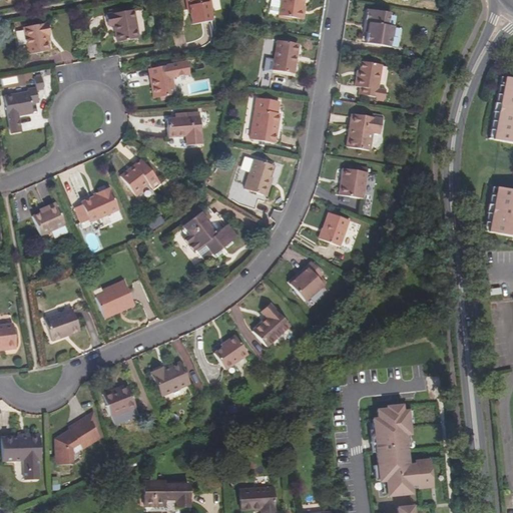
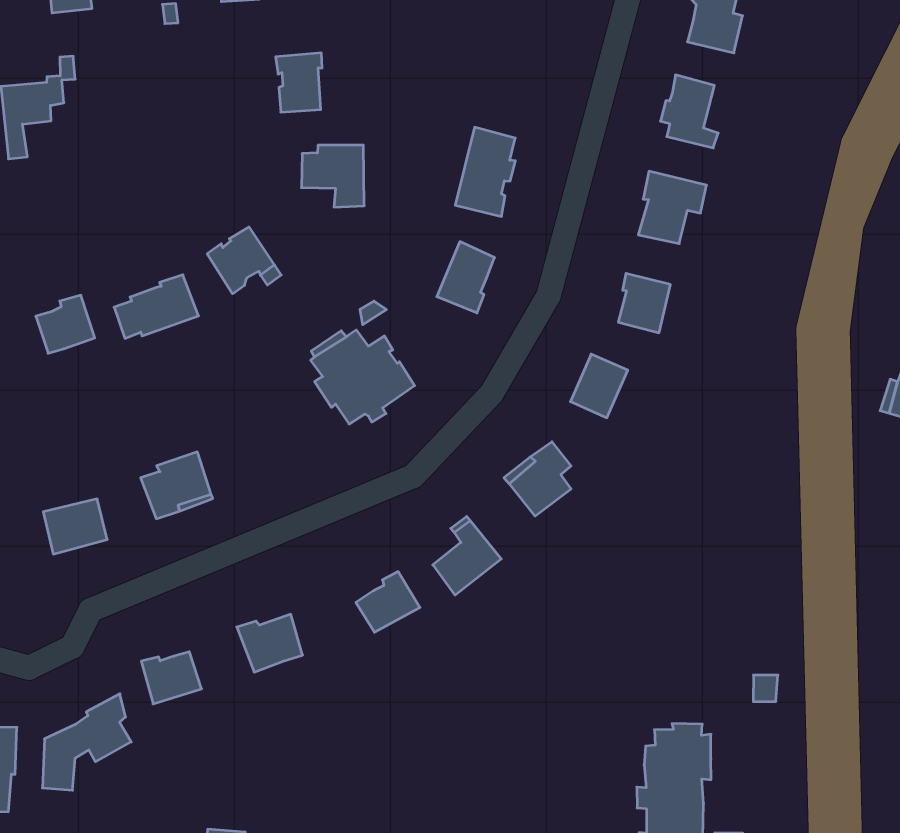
building: [273,39,298,72] -> none

